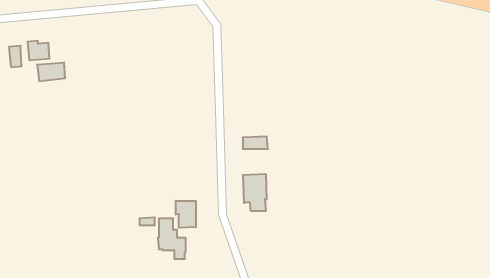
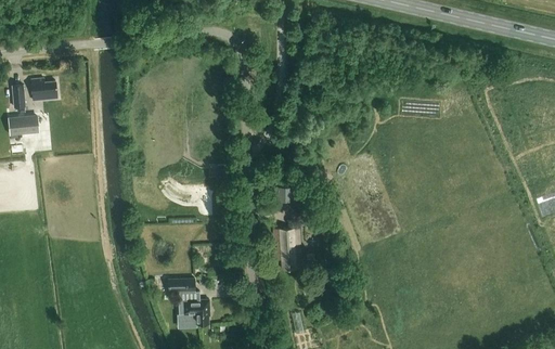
building: [37,63,65,81] -> [7,115,38,135]
building: [176,201,196,228] -> none

